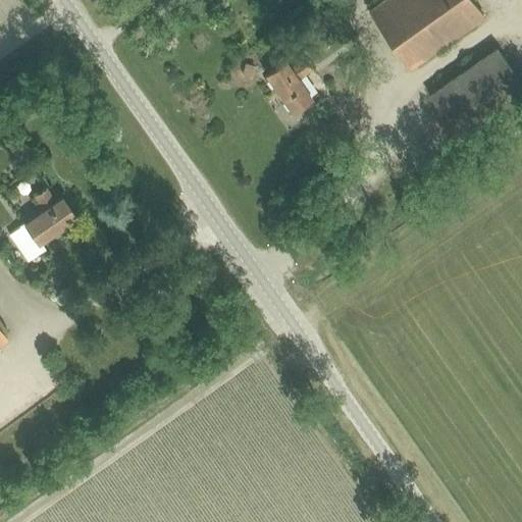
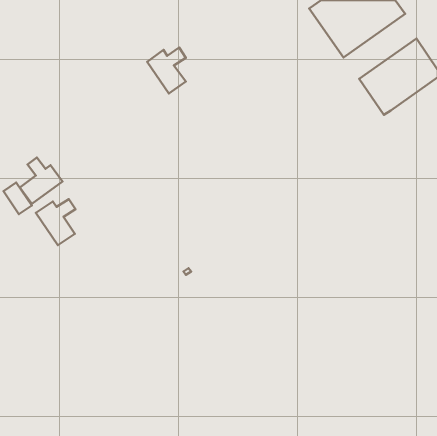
building: [266,59,312,114] -> [147,47,186,94]
building: none -> [36,199,75,245]

